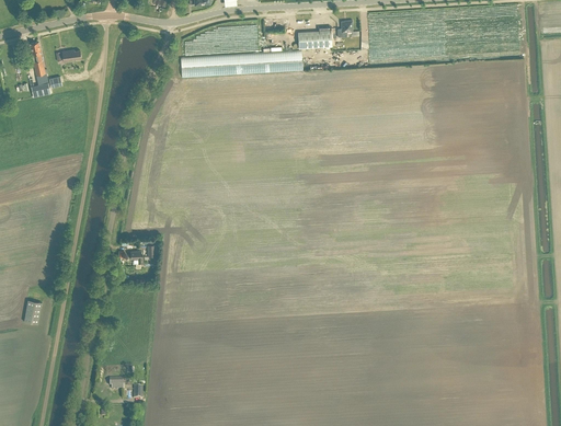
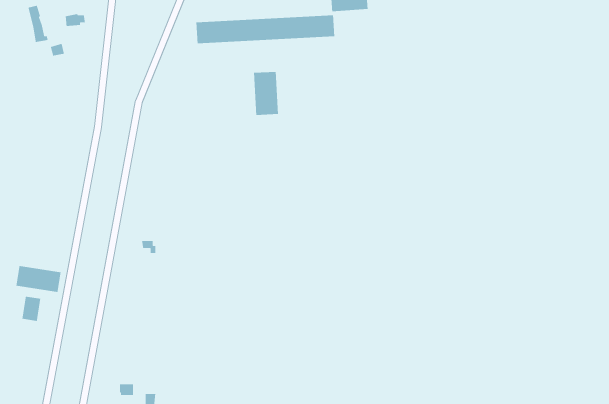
building: none -> [253,71,279,116]
building: none -> [15,265,62,293]

